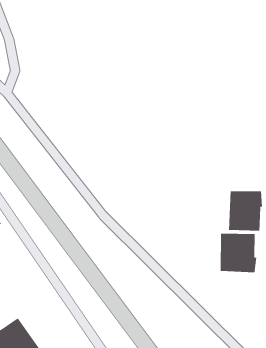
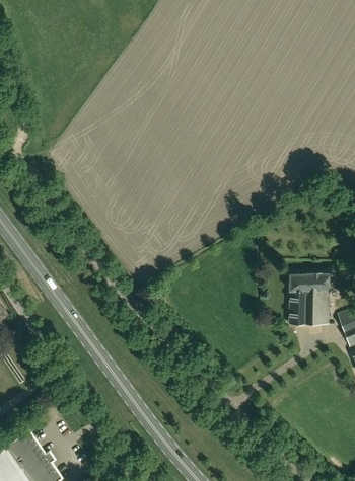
building: [220,233,257,273] -> none

